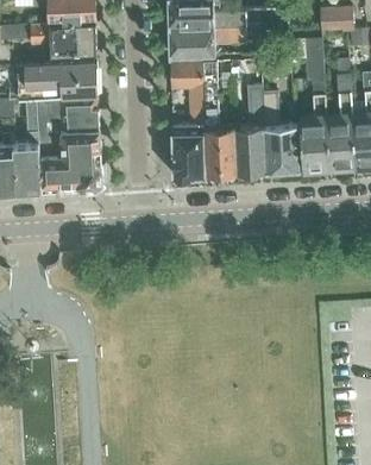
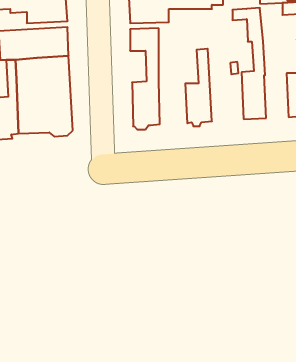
building: [326,62,354,169] -> none
building: [203,64,237,180] -> none
building: [260,88,300,177] -> none

